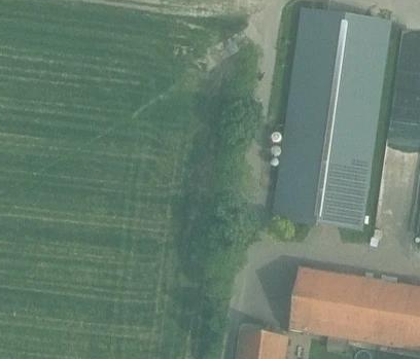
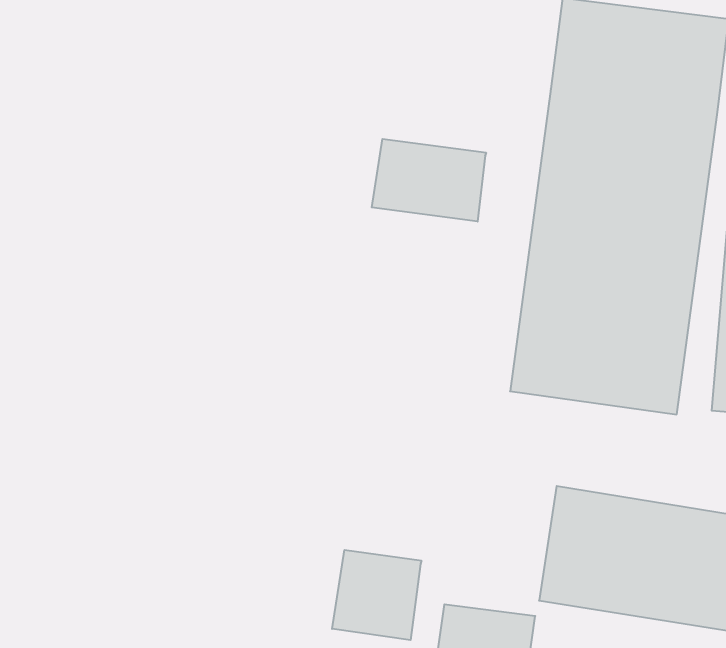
building: none -> [372,139,486,222]
building: none -> [332,550,421,640]

